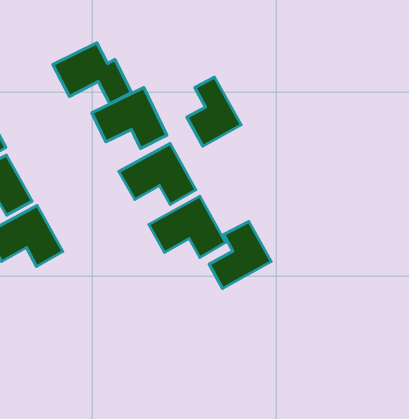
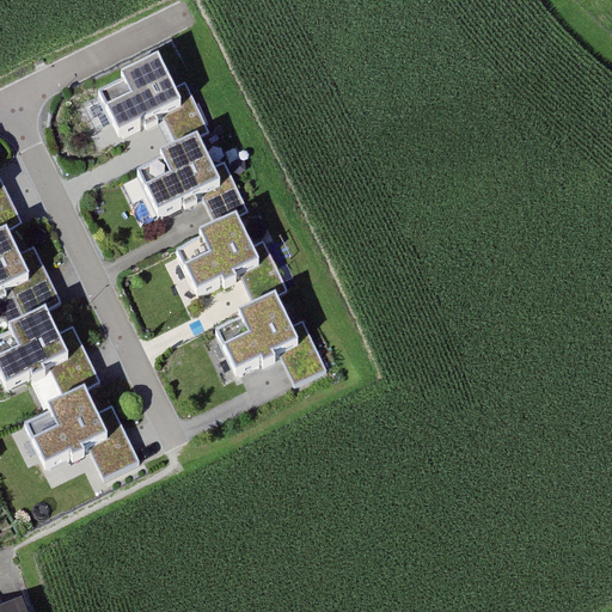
building: [187,77,241,146] -> none
building: [209,221,271,289] -> none
building: none -> [19,386,130,475]

